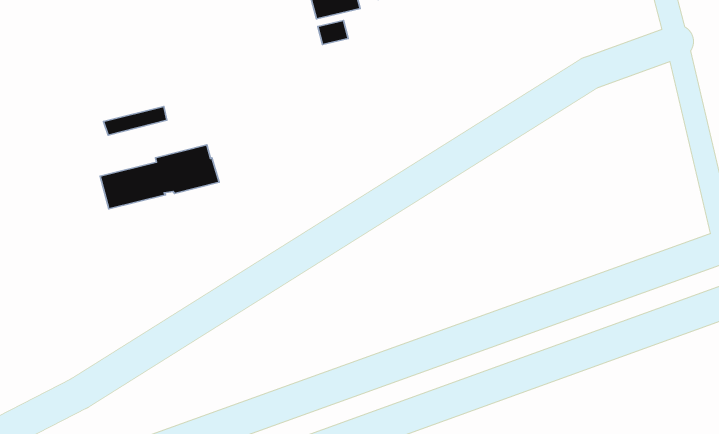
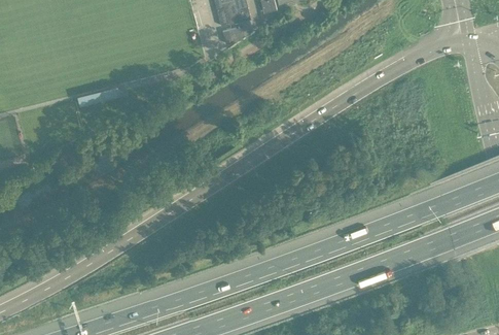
building: [100,145,219,209] -> none

